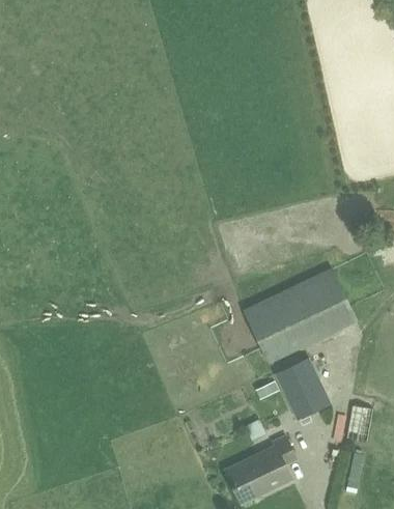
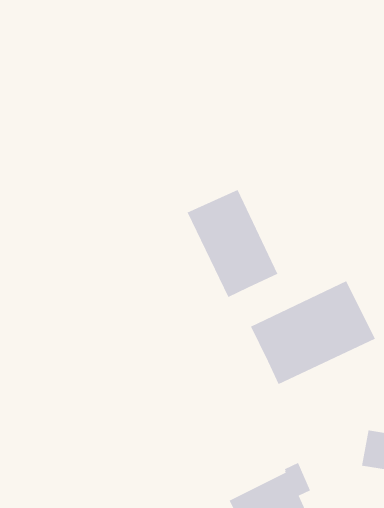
building: none -> [187,189,278,298]
building: [275,357,333,420] -> none

